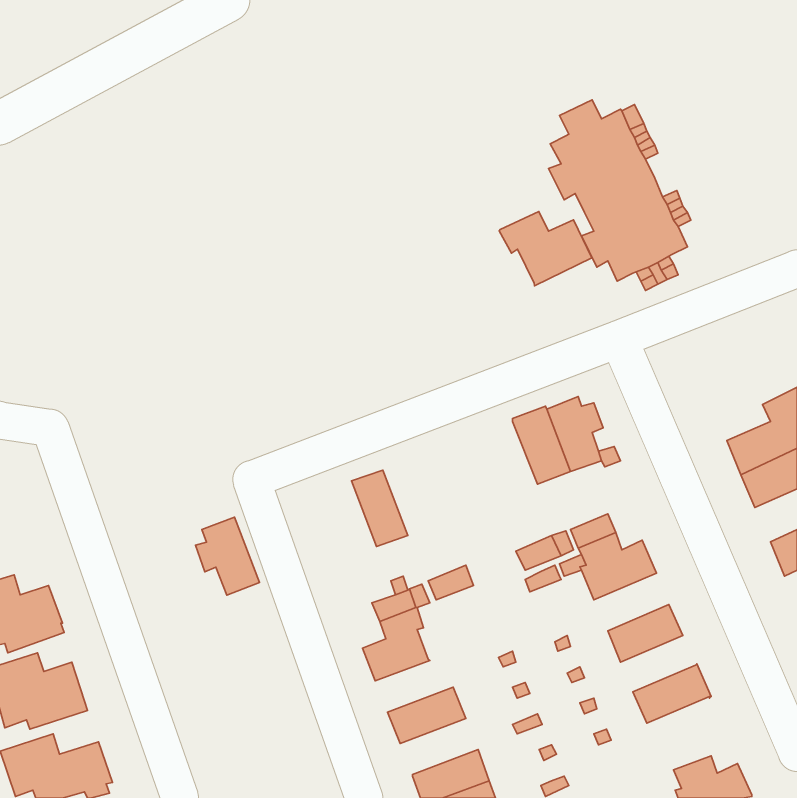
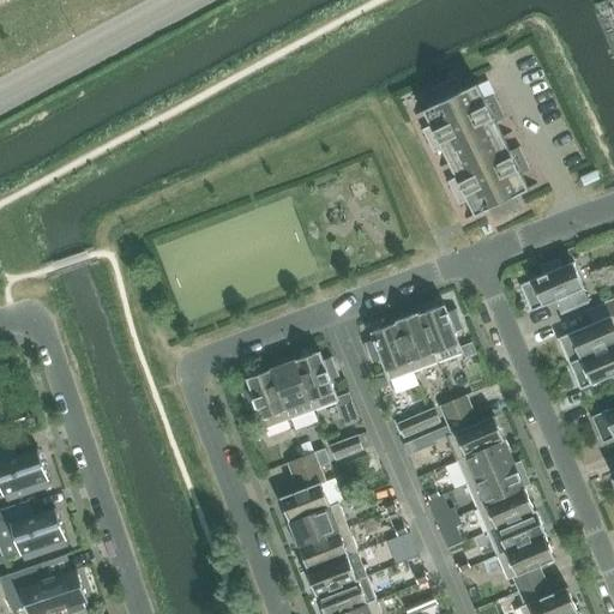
building: [499,212,592,286] -> none
building: none -> [519,258,588,315]
building: none -> [363,324,413,381]
building: none -> [294,351,338,411]
building: [195,517,260,595] -> [240,369,289,429]
building: none -> [456,440,513,484]
building: none -> [476,488,534,531]
building: none -> [288,502,348,547]
building: none -> [496,535,555,591]
building: none -> [306,552,367,596]

